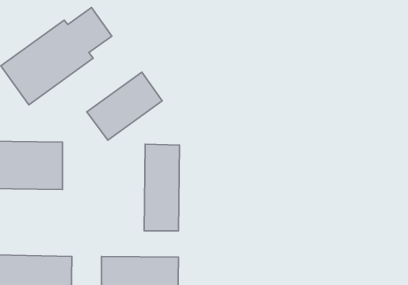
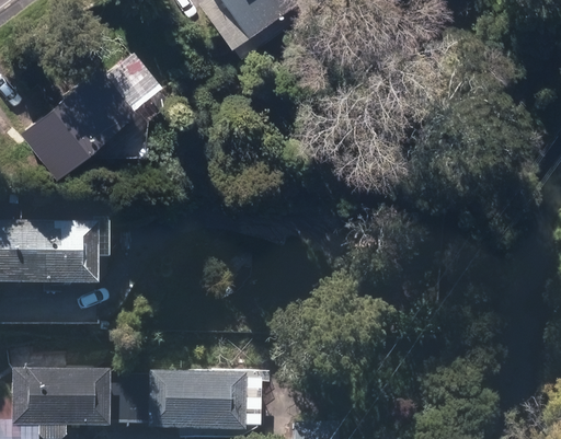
building: [87,72,162,140] -> none
building: [144,144,179,231] -> none

